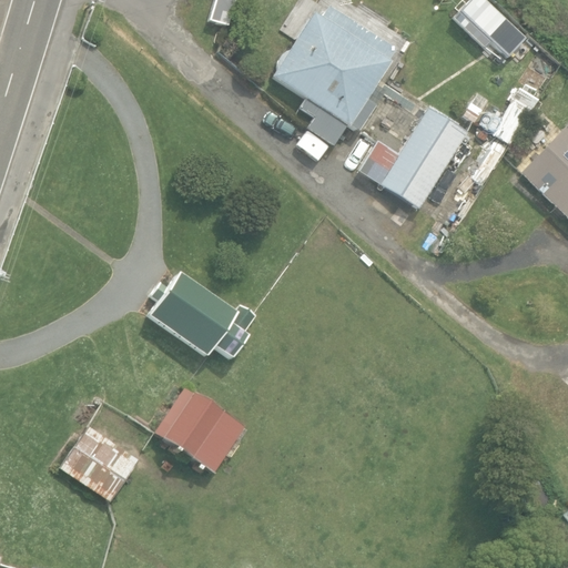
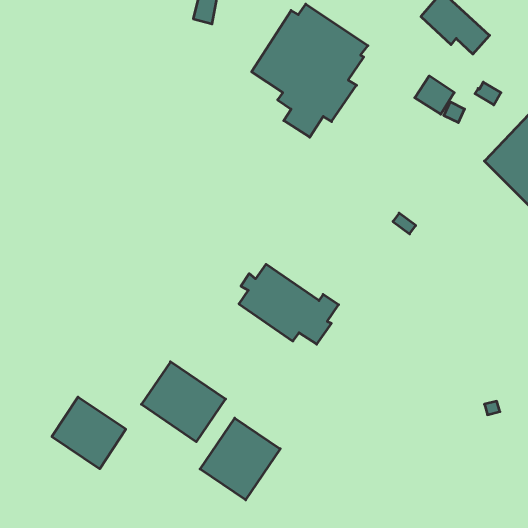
building: [379,106,467,209] -> none
building: [149,272,255,357] -> [239,264,339,344]
building: none -> [200,418,280,500]

